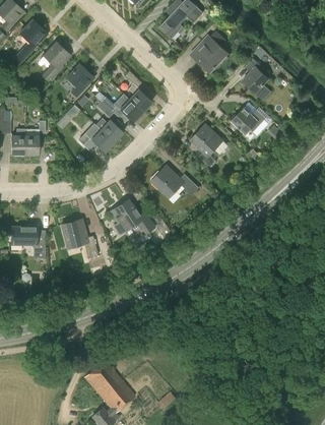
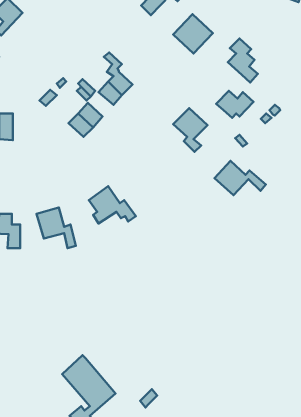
building: [41,42,66,83] -> none
building: [66,63,93,97] -> none
building: [150,165,199,197] -> [214,161,266,195]

